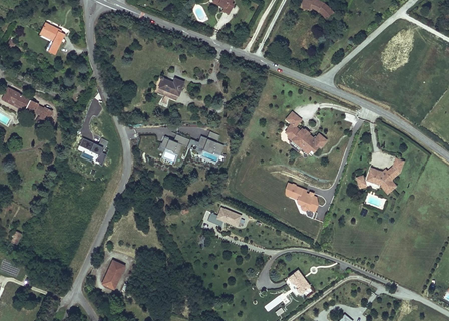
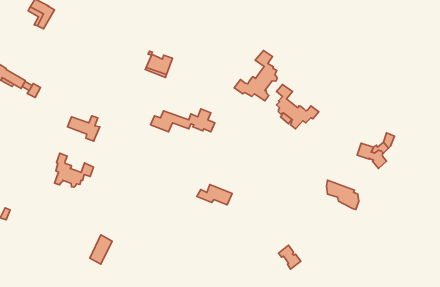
building: none -> [234,50,277,101]
building: none -> [55,153,93,187]
building: [286,184,318,213] -> [326,180,359,209]

